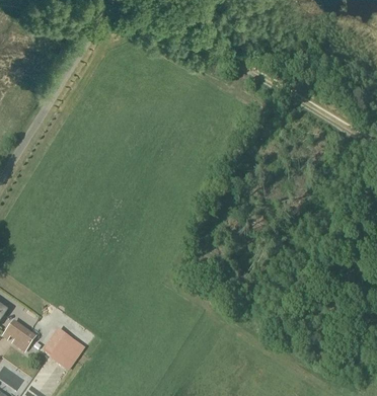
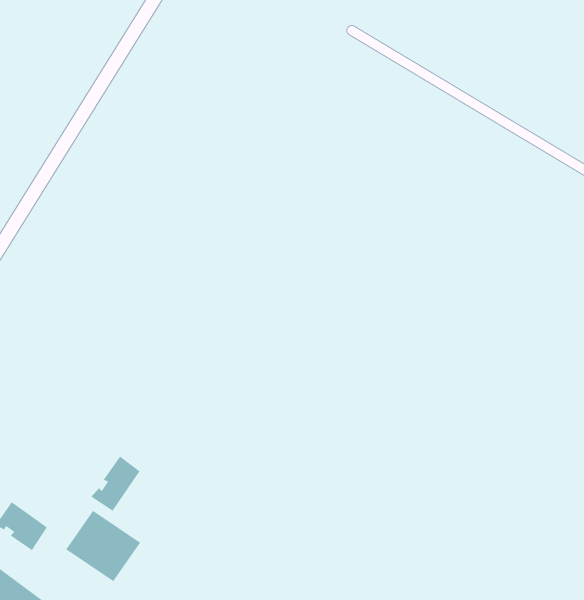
building: none -> [91,455,140,512]

